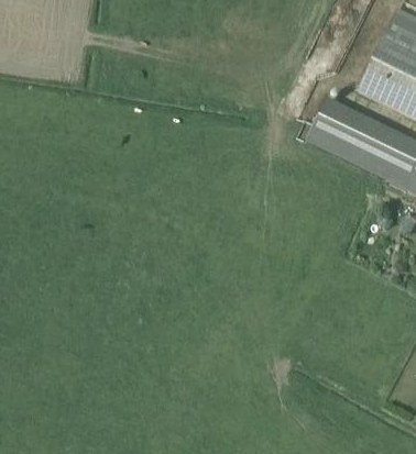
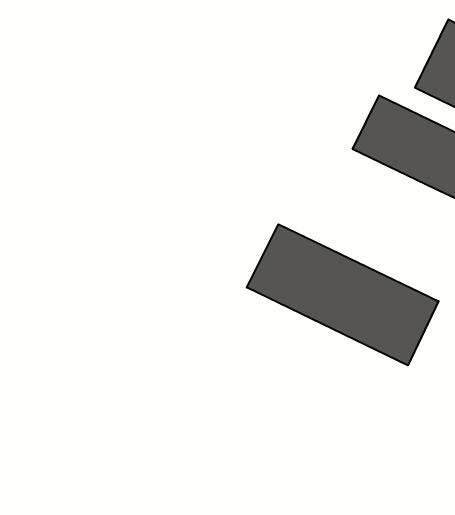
building: none -> [247,224,439,365]

